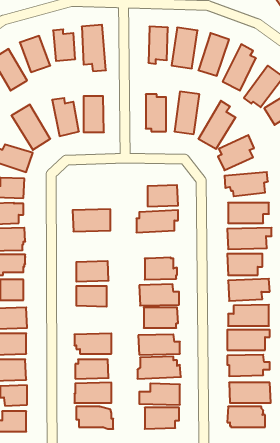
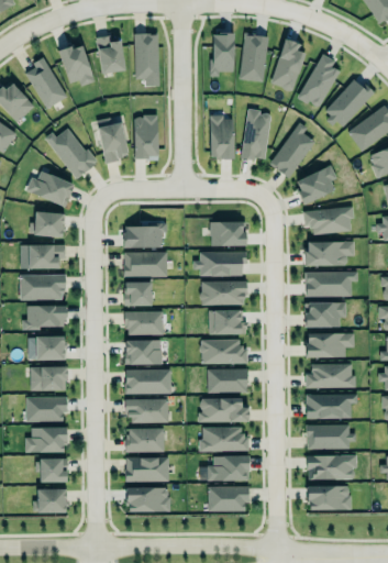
building: none -> [125,225,168,249]
building: none -> [198,278,247,305]
building: none -> [125,282,153,307]
building: none -> [123,367,170,393]

